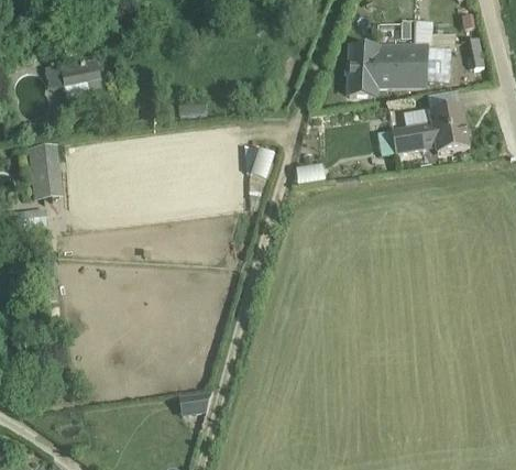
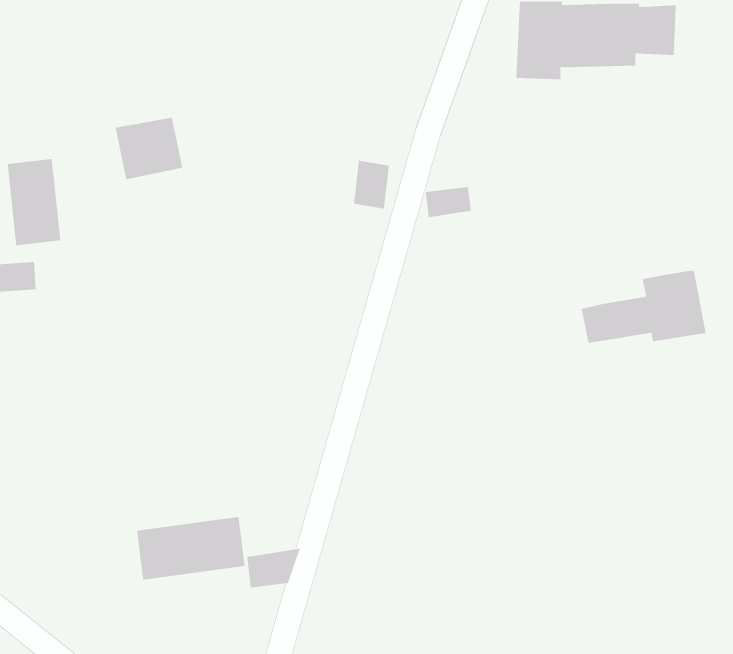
building: [59,57,102,97] -> [115,117,183,180]
building: [391,105,470,151] -> [581,270,707,344]
building: none -> [137,516,245,580]

